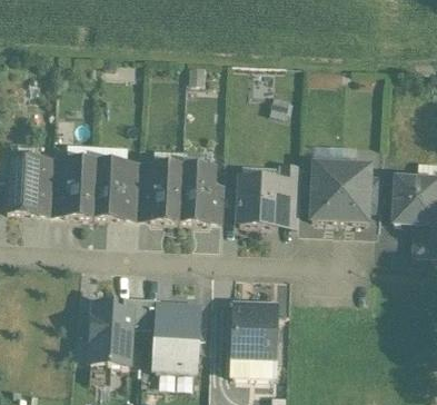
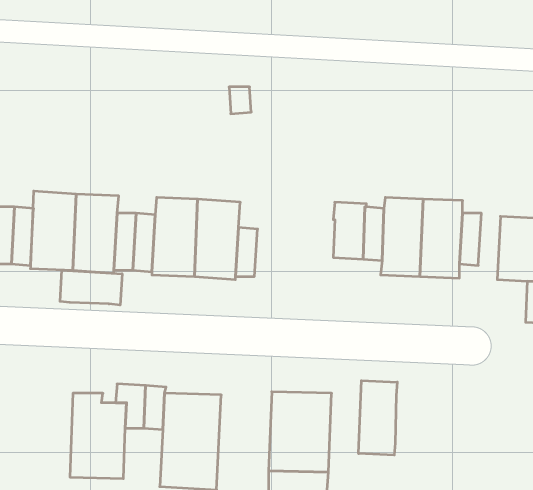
building: [239,181,279,227] -> none
building: none -> [60,270,122,305]
building: none -> [359,381,397,455]

